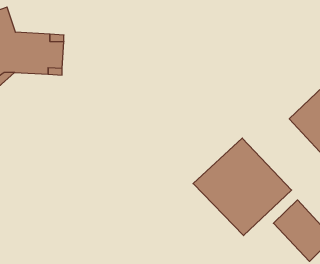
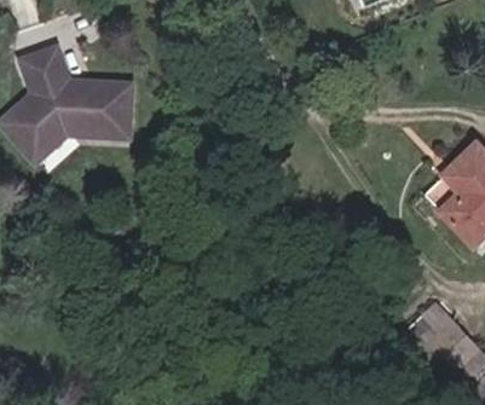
building: [193,138,292,236] -> none

